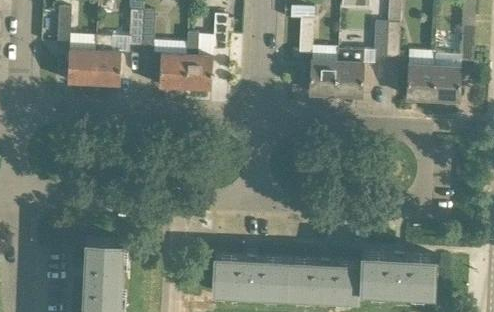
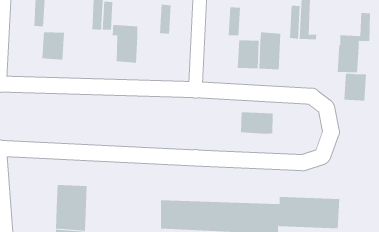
building: [184,33,212,89] -> none
building: [93,34,121,85] -> none
building: [405,64,434,99] -> [343,73,367,101]
building: none -> [240,112,273,134]

